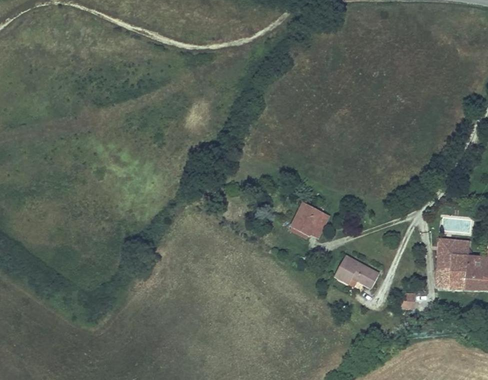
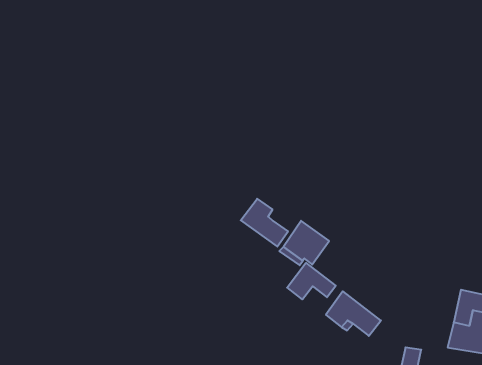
building: none -> [241,199,288,247]
building: none -> [287,263,336,299]

